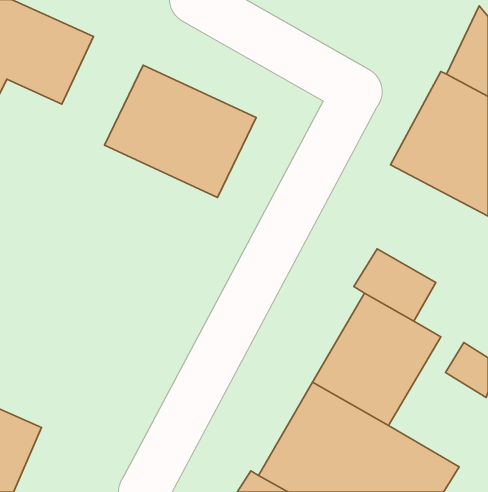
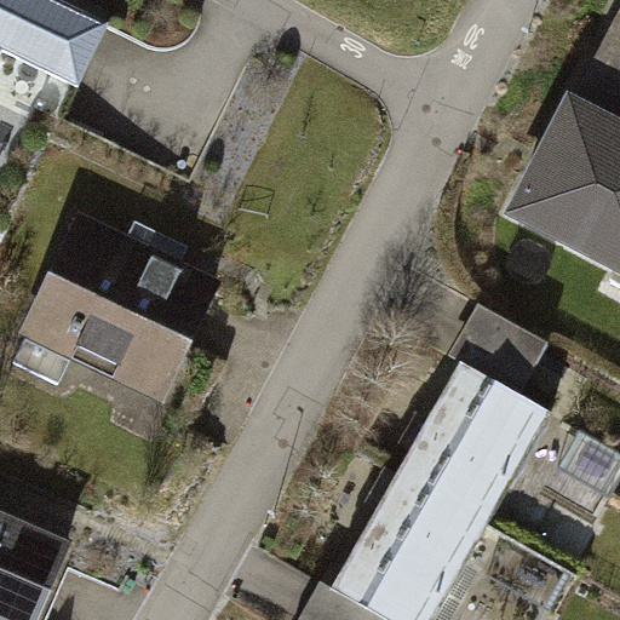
building: [105,65,256,197] -> none
building: none -> [28,235,226,427]

